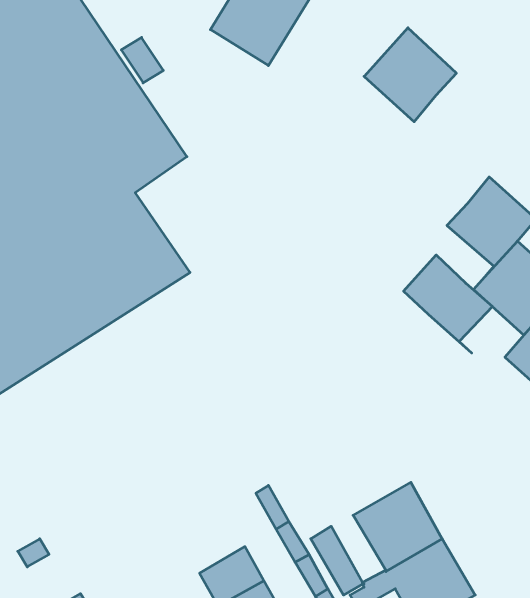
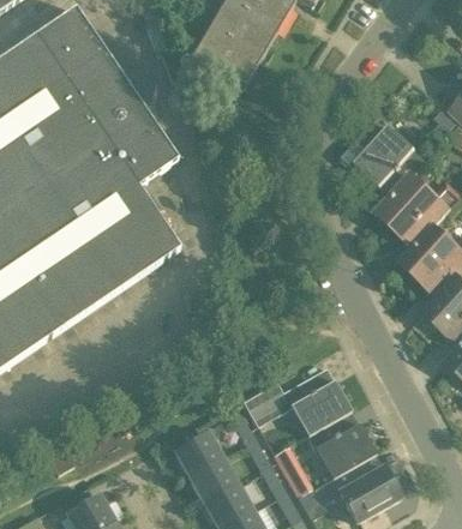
building: [364,28,456,122] -> [354,124,425,196]
building: [404,255,492,353] -> none
building: none -> [241,366,349,434]
building: none -> [172,432,222,479]

